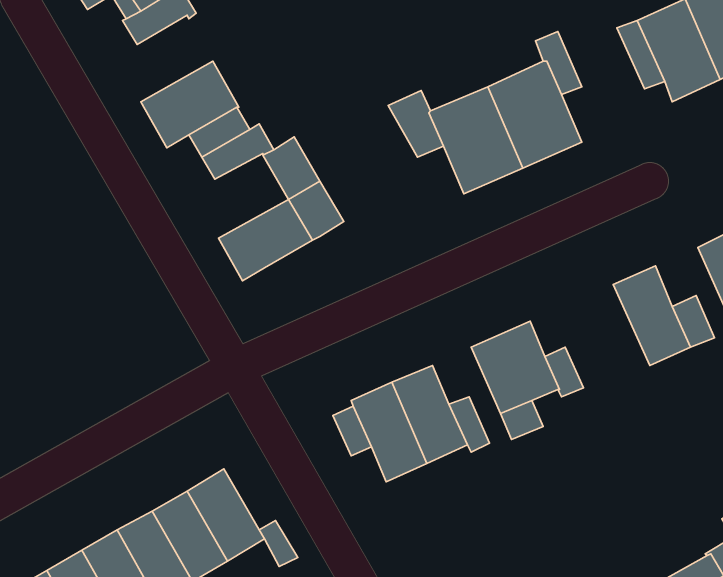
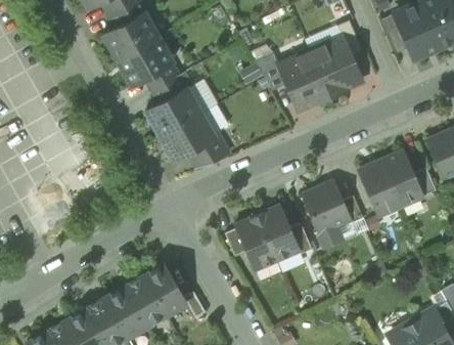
building: none -> [103,11,157,59]
building: none -> [146,88,199,135]
building: none -> [186,134,228,168]
building: none -> [357,161,400,215]

